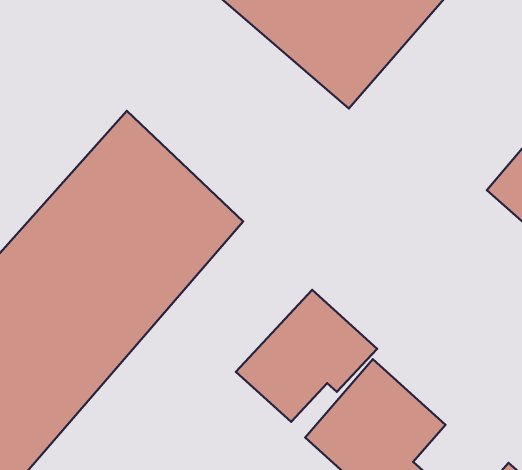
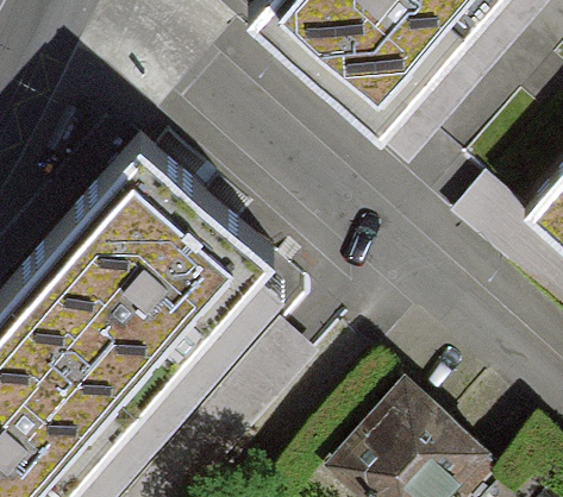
building: [236,290,377,422] -> none

